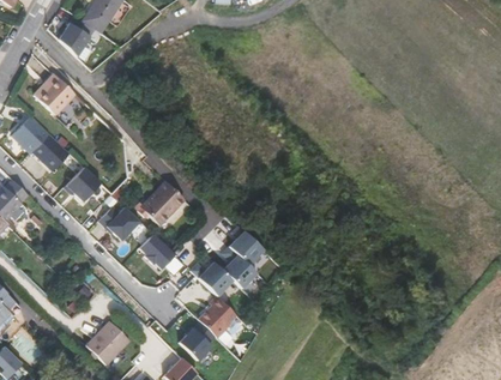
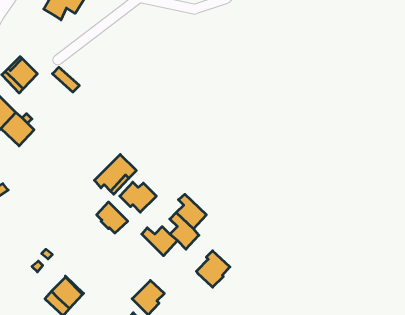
building: [60,14,95,54] -> none
building: [66,168,102,201] -> none
building: [101,206,141,240] -> [120,182,156,212]
building: [200,296,237,337] -> [196,251,230,287]

